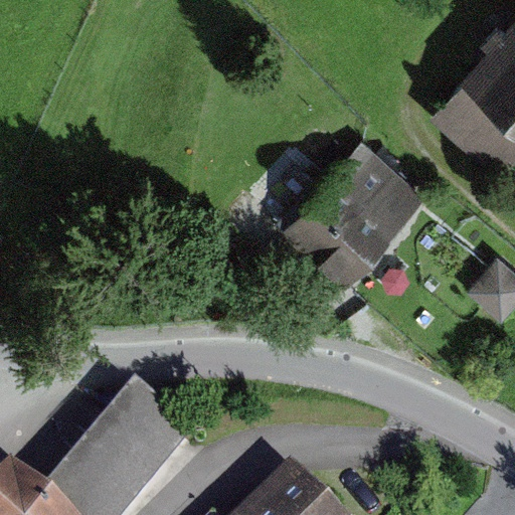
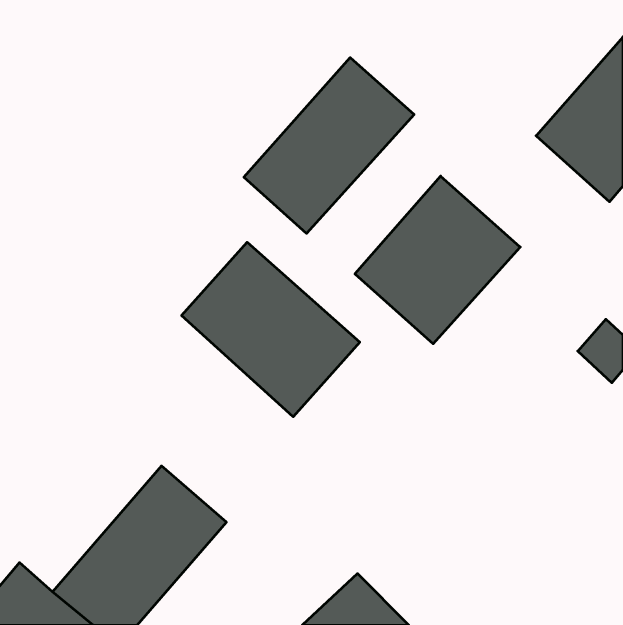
building: none -> [244,58,414,233]
building: none -> [182,242,360,417]

